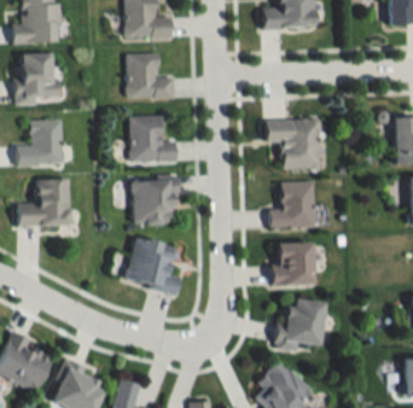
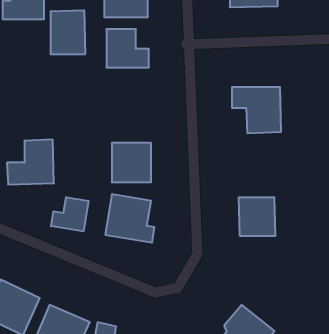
building: [18,53,57,101] -> [50,10,85,54]
building: [129,116,176,162] -> none
building: [17,118,62,164] -> none
building: [269,180,313,227] -> none
building: none -> [51,197,88,231]
building: [274,297,324,349] -> none

